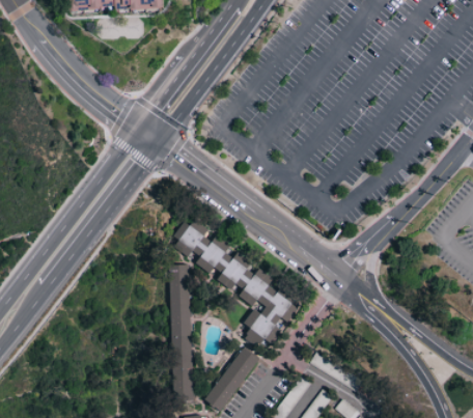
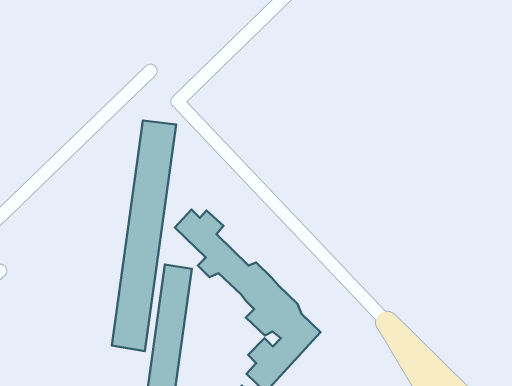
building: none -> [112,121,176,351]

